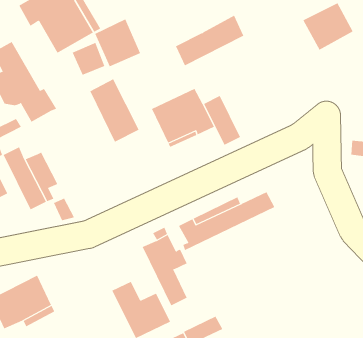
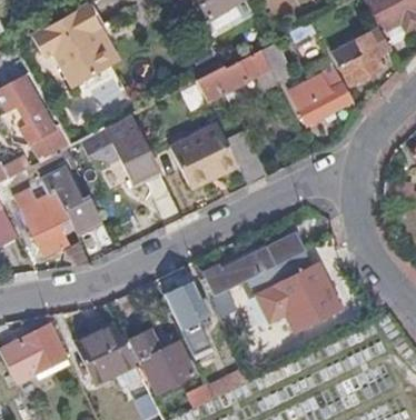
building: [94,18,141,67] -> none
building: none -> [290,67,353,123]
building: none -> [42,170,96,227]
building: none -> [273,267,338,329]
building: none -> [73,323,133,381]

